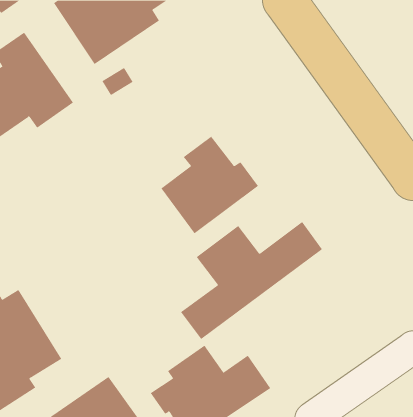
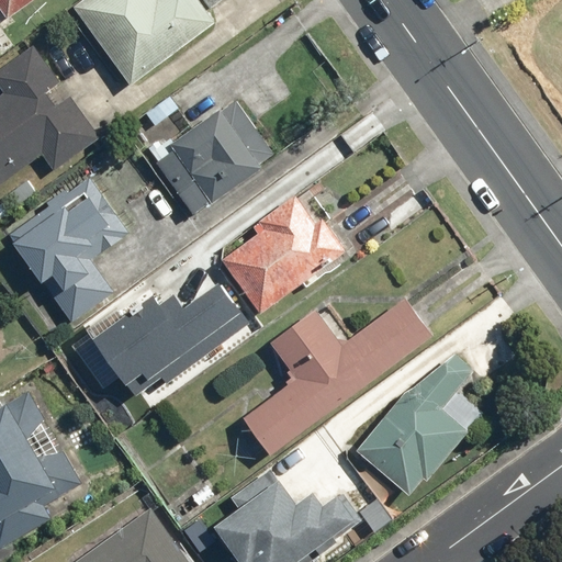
building: none -> [143,100,276,217]
building: none -> [5,182,120,329]
building: none -> [94,280,250,395]
building: none -> [353,357,474,497]

